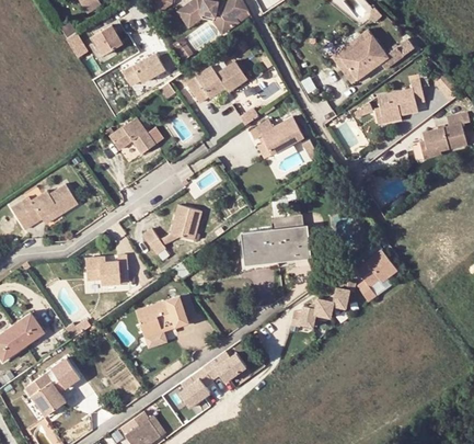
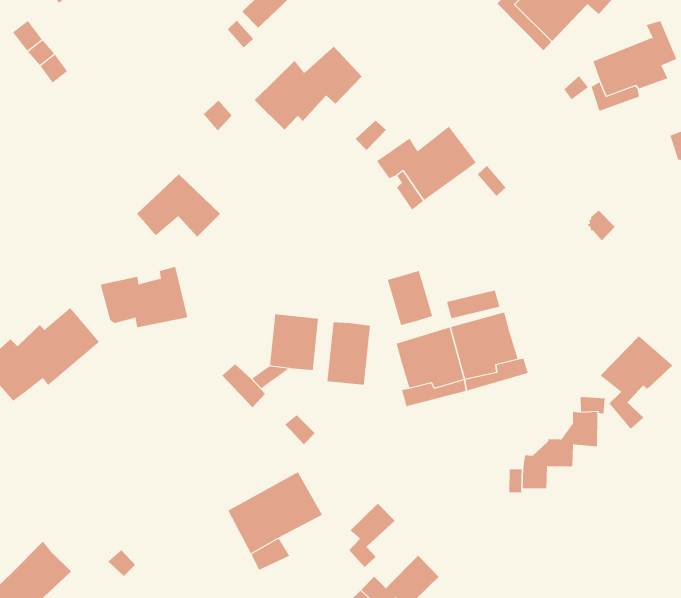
building: [93,22,123,52] -> none
building: [123,49,176,83] -> none
building: none -> [387,270,433,326]
building: none -> [327,321,371,385]
building: [84,255,130,286] -> [100,266,188,328]
building: none -> [349,503,395,568]

